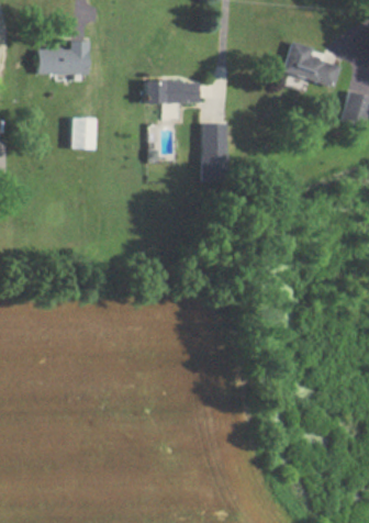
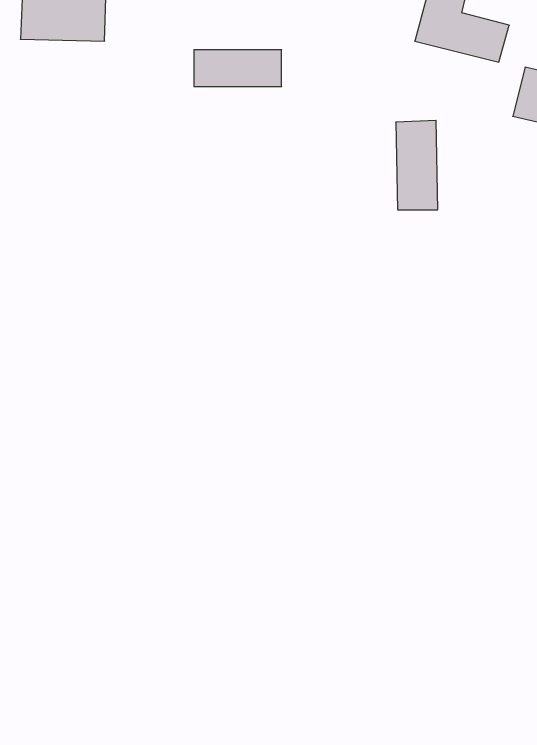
building: [69,118,93,149] -> none
building: [204,123,231,179] -> [396,120,438,210]

